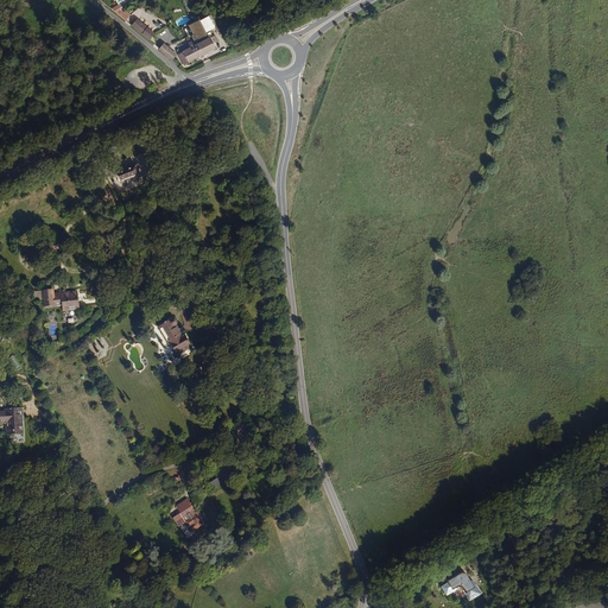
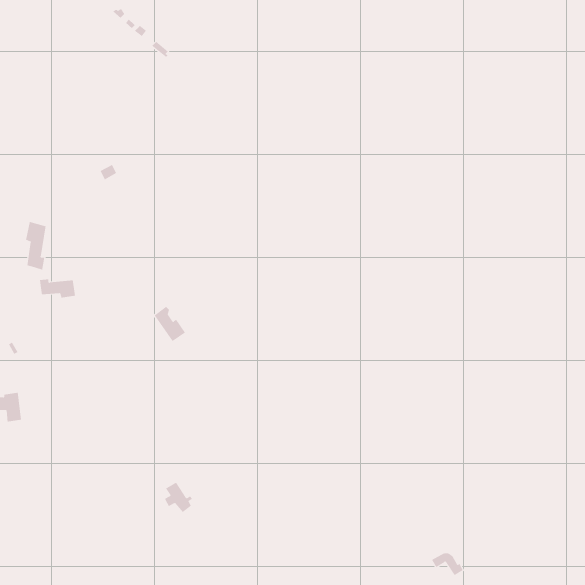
building: [173,19,216,68] -> none
building: none -> [26,221,46,270]

